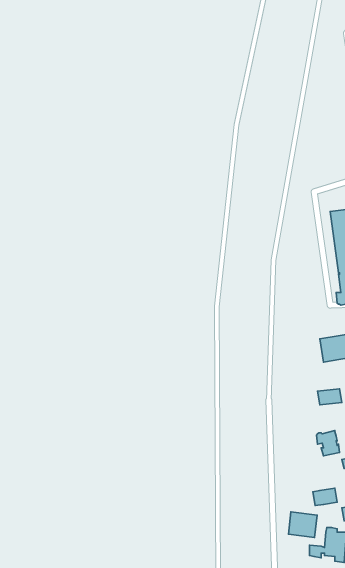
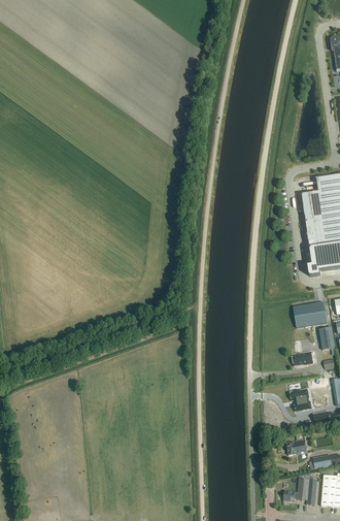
building: [288,512,317,537] -> none

